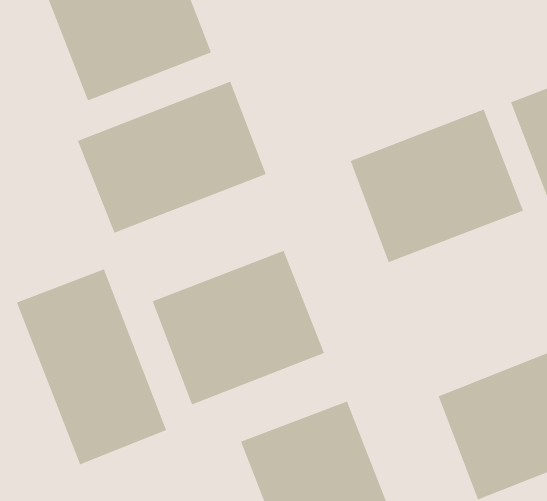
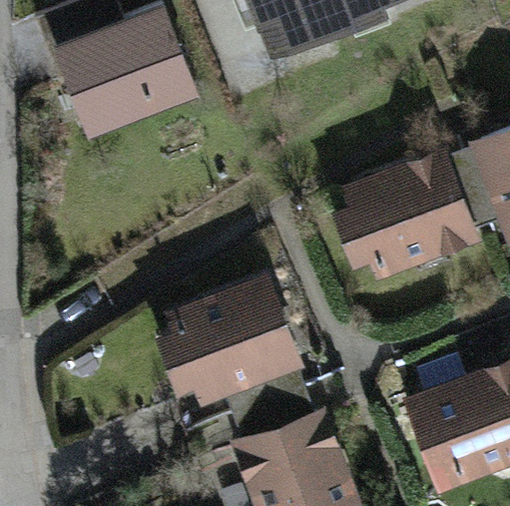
building: [77,81,267,234] -> none
building: [16,268,167,465] -> none

